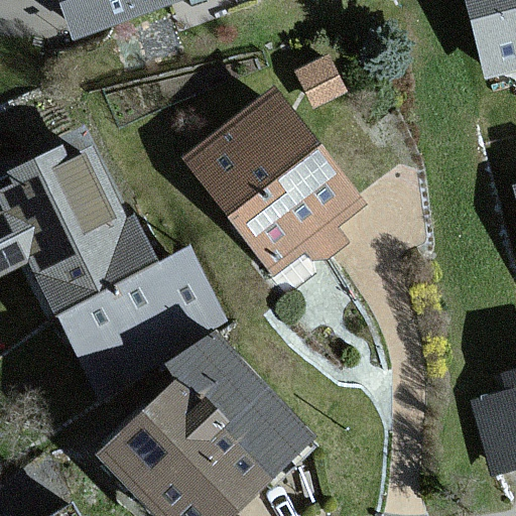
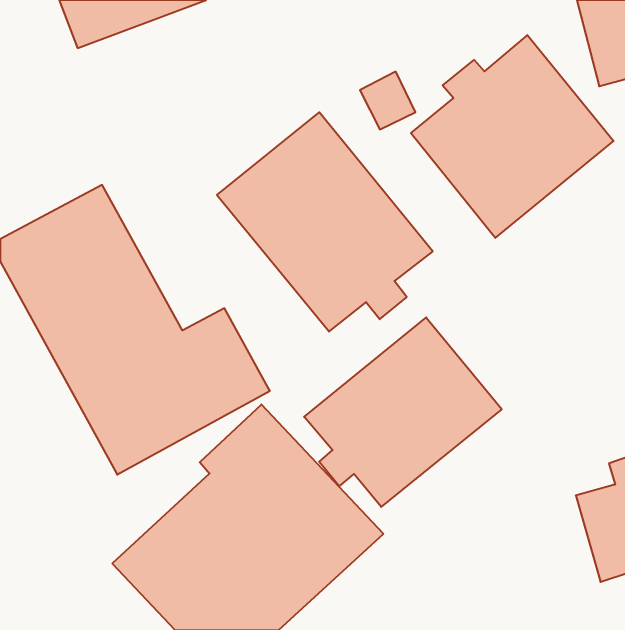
building: none -> [411,35,614,238]
building: none -> [304,317,502,507]

